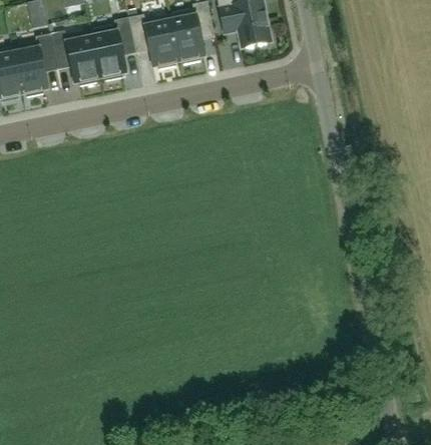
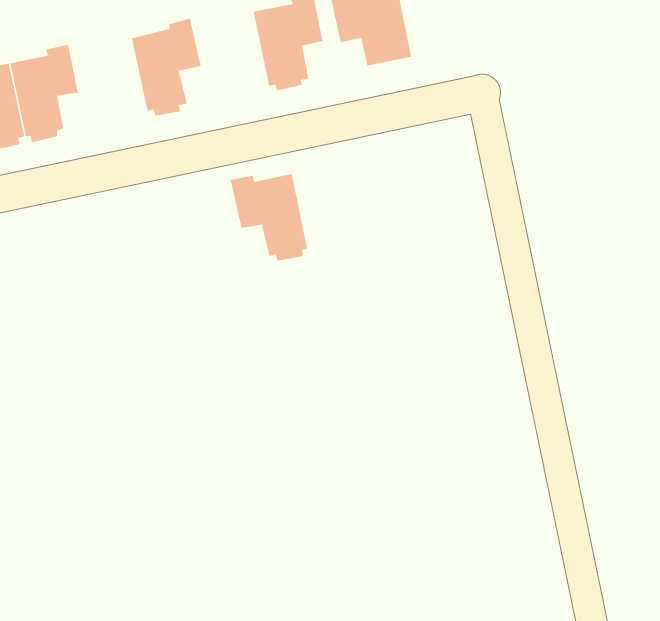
building: [128,14,178,70] -> [230,174,308,261]
building: [50,31,100,86] -> none

